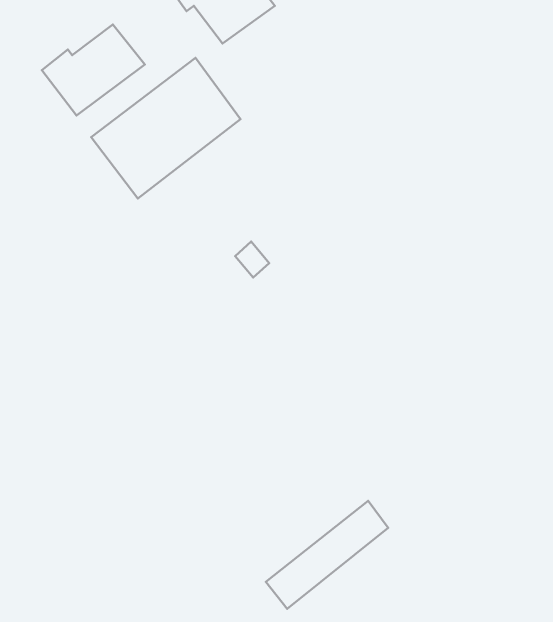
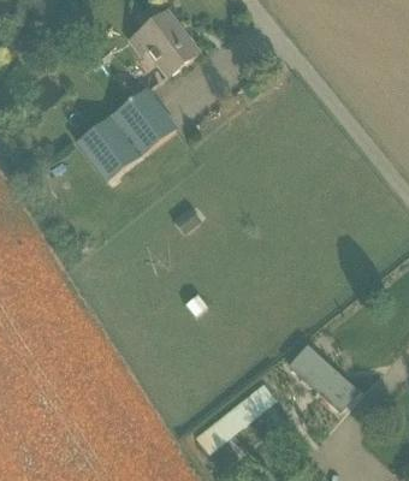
building: [42,24,145,116] -> none
building: none -> [291,348,357,410]

